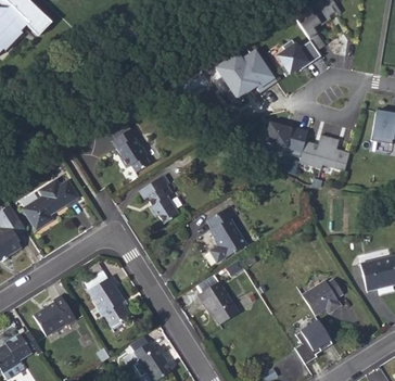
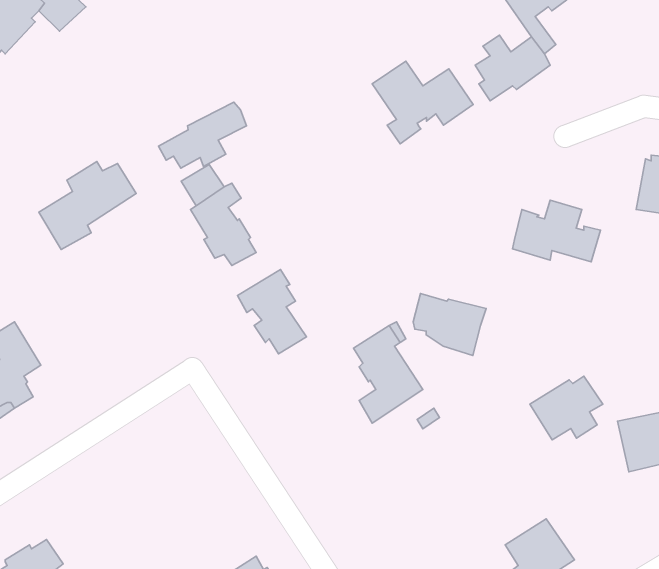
building: none -> [158,102,247,168]
building: [265,120,307,156] -> [413,294,486,356]
building: [22,178,78,229] -> [39,162,136,250]
building: [88,275,130,327] -> none
building: [195,276,239,325] -> none
building: [302,278,344,315] -> [530,376,603,440]
building: [33,294,76,335] -> none

